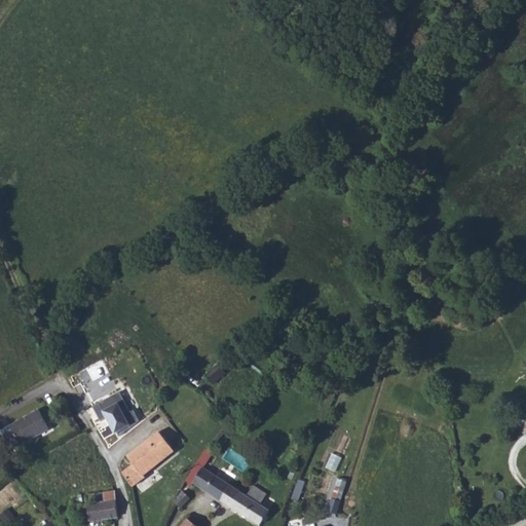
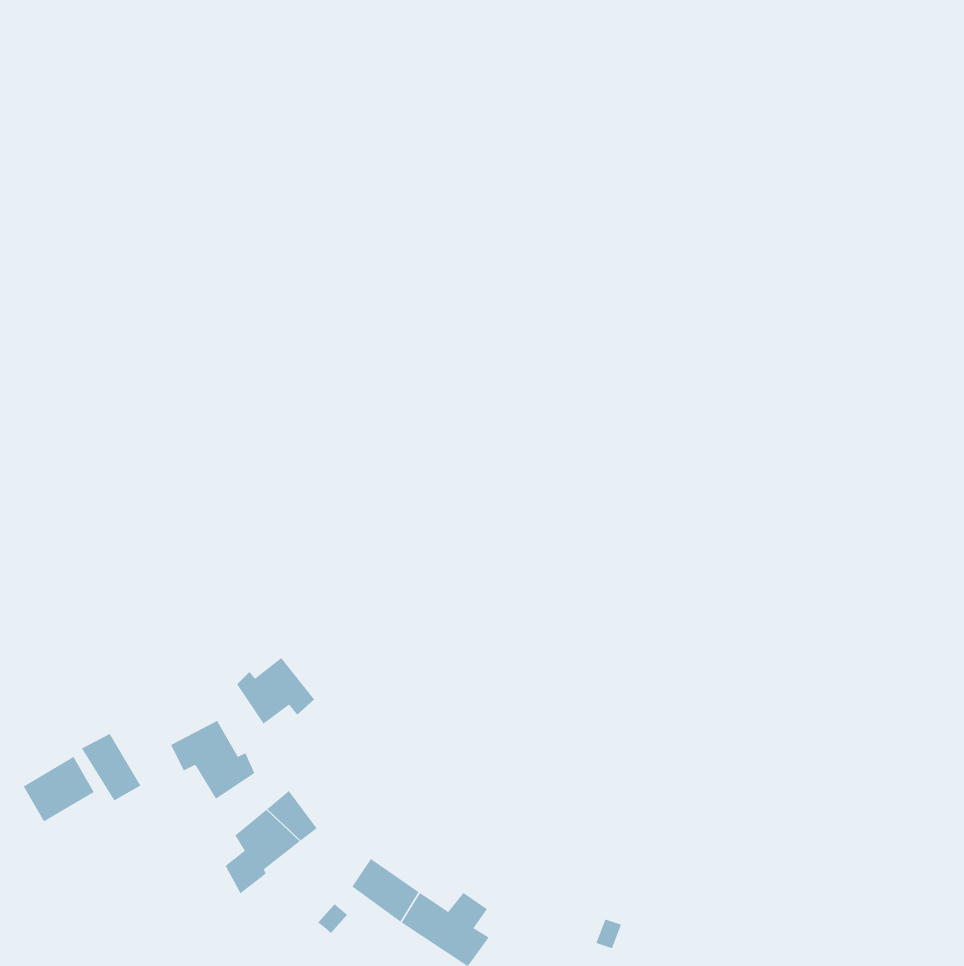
building: none -> [237,657,315,725]
building: none -> [81,733,141,801]
building: [72,491,117,519] -> none

